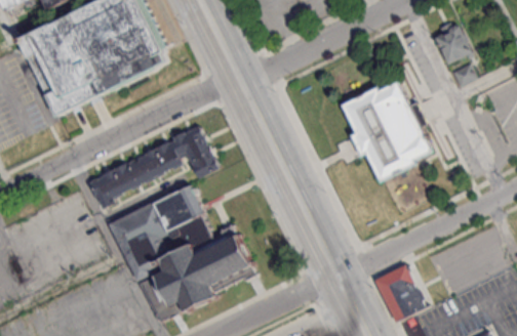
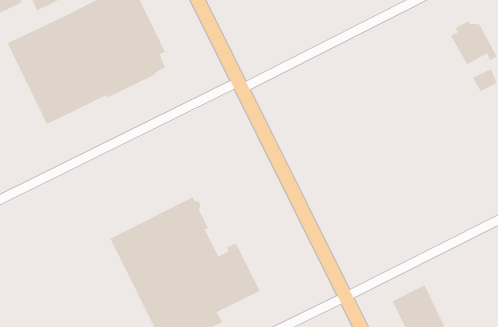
building: [341,86,431,185] -> none
building: [89,124,220,208] -> none

